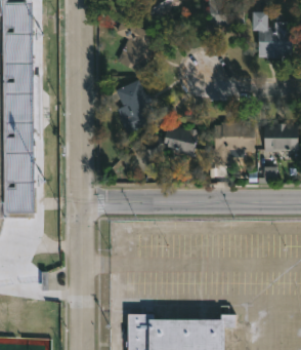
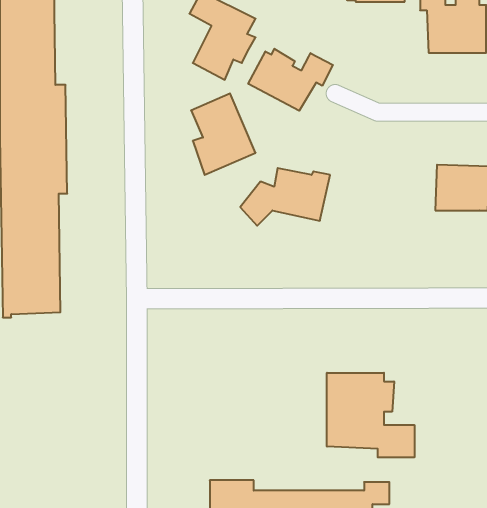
building: none -> [248,49,333,111]
building: [214,122,255,167] -> none
building: none -> [327,373,414,457]

